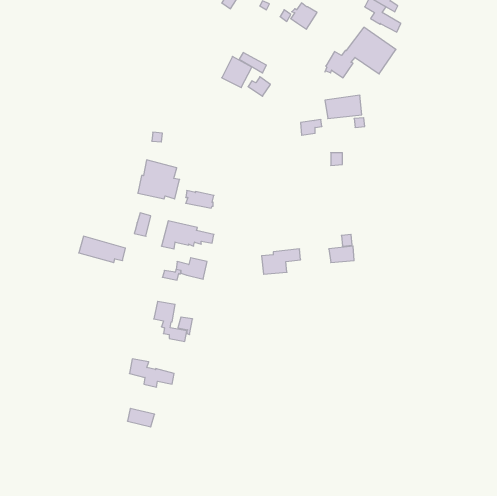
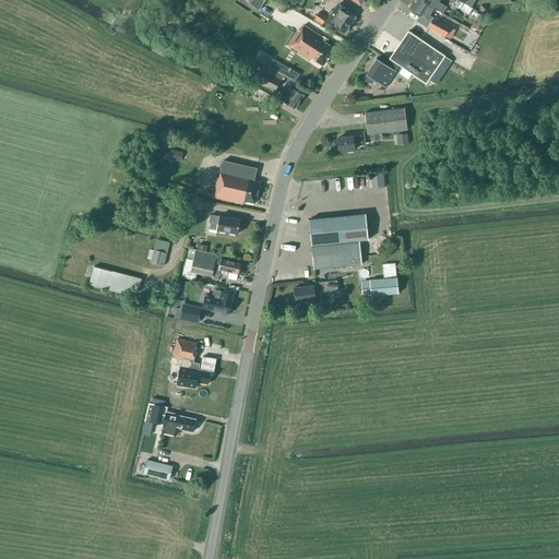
building: none -> [287,24,334,64]
building: [138,160,180,199] -> [213,159,260,203]
building: none -> [309,214,369,269]

